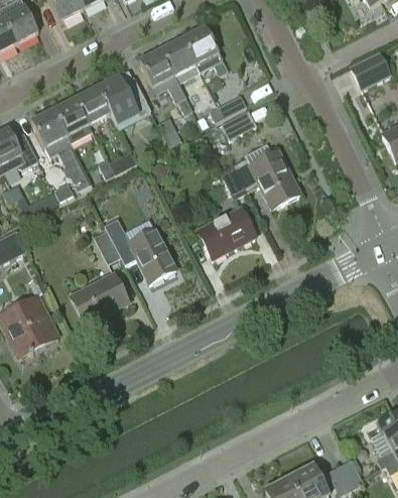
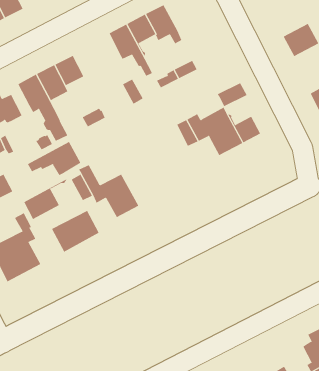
building: [98,76,149,120] -> none
building: [220,109,256,138] -> [217,82,247,107]
building: none -> [227,113,261,143]
building: none -> [27,141,81,176]
building: [197,208,255,258] -> none
building: none -> [23,177,68,220]

